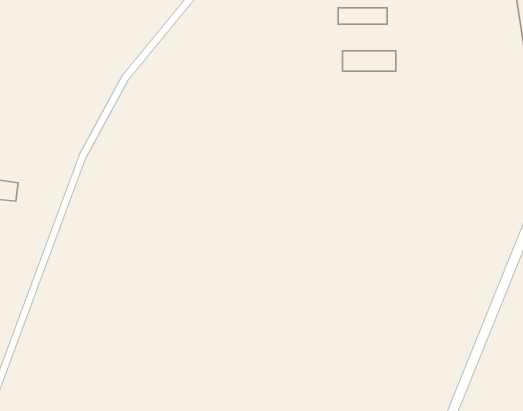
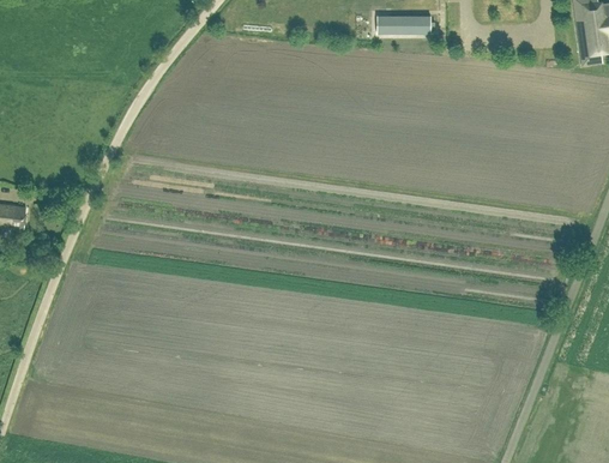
building: [343,51,396,71] -> none

